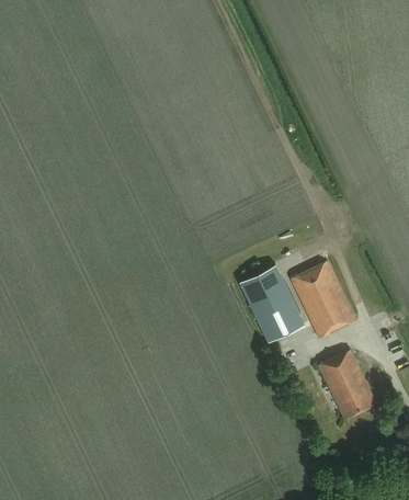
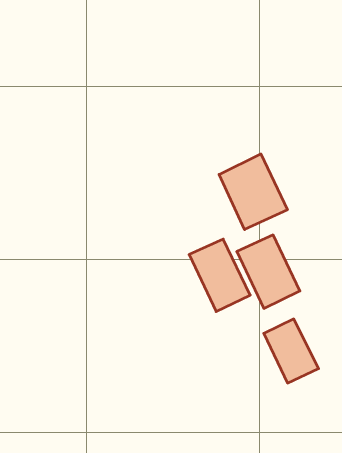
building: none -> [219,154,287,230]

